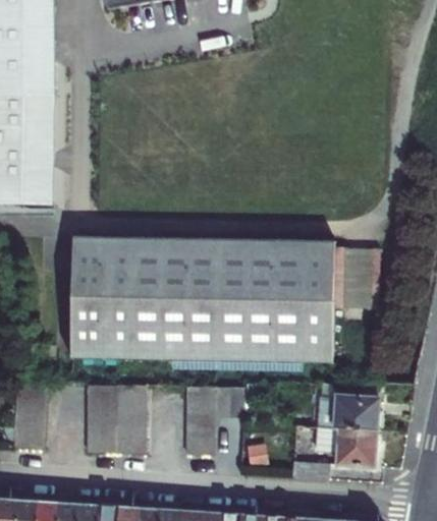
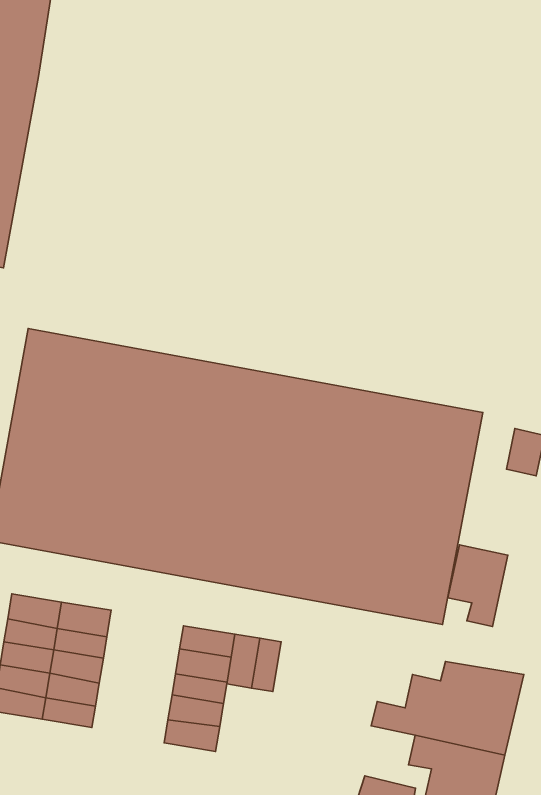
building: none -> [448,545,508,626]

